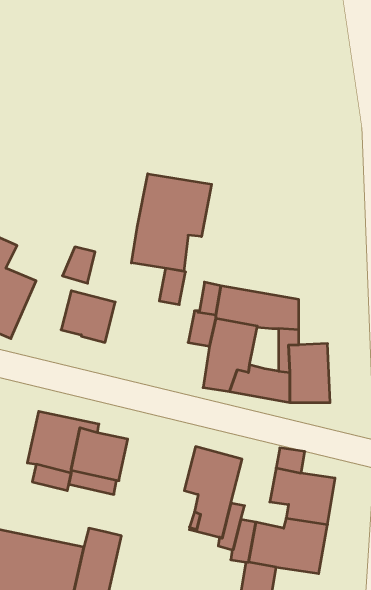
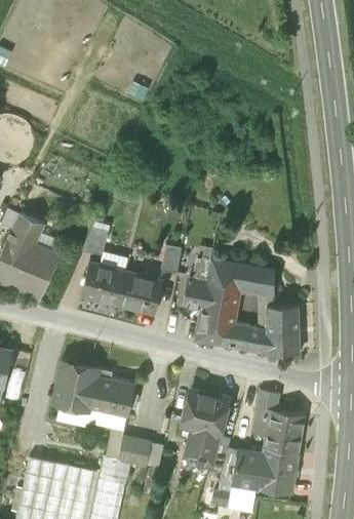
building: [131,174,212,271] -> none
building: none -> [116,272,161,314]
building: none -> [117,437,151,466]

